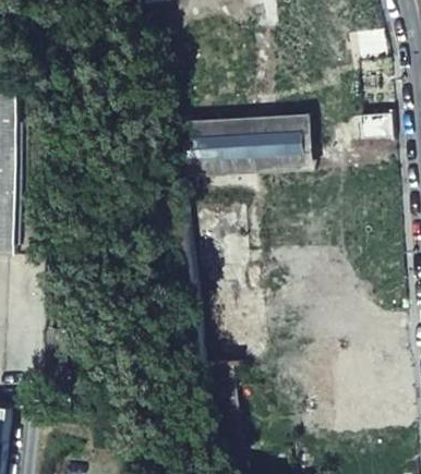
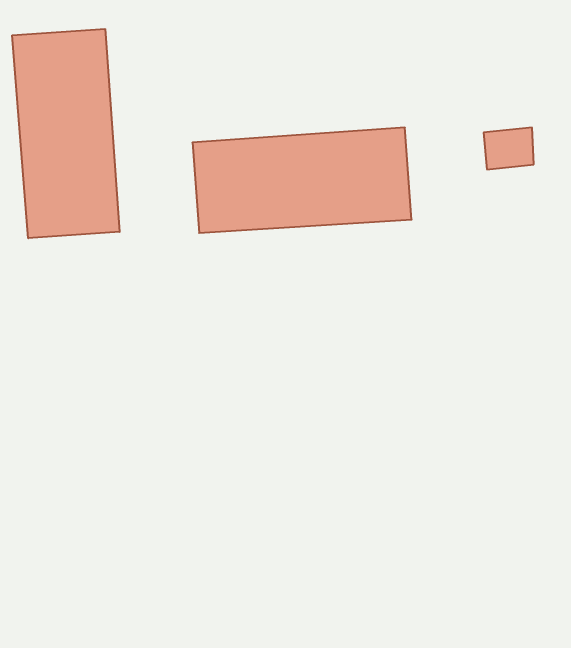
building: none -> [12,29,120,238]

